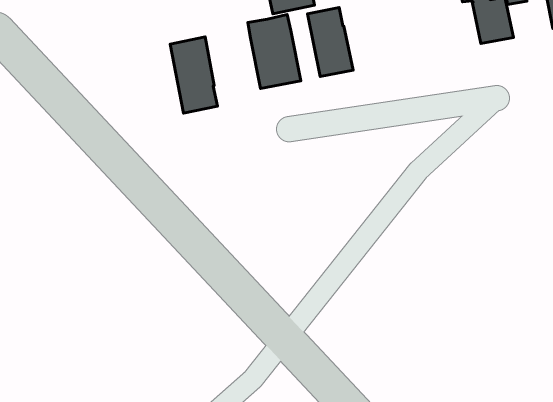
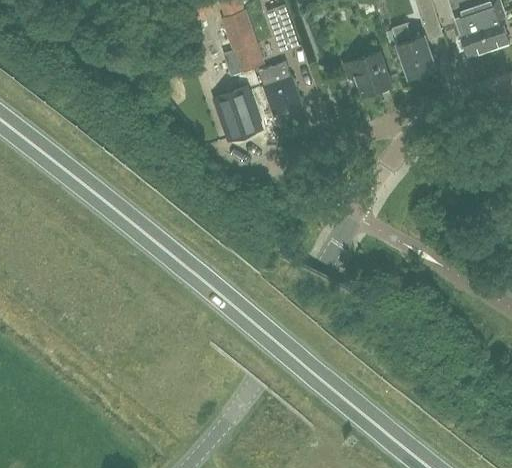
building: none -> [345,52,390,93]
building: [170,37,217,113] -> none

